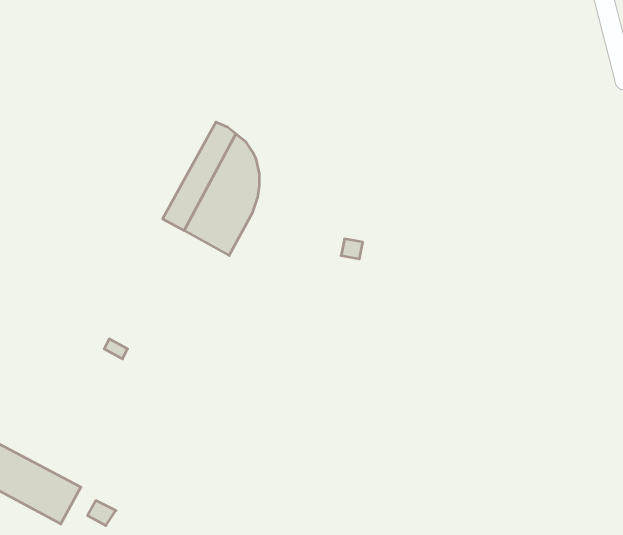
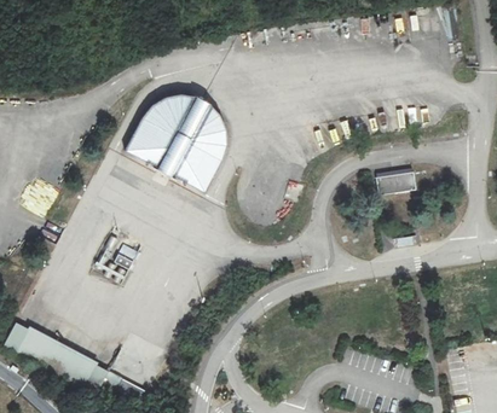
building: none -> [126,94,196,167]
building: none -> [376,171,417,196]

